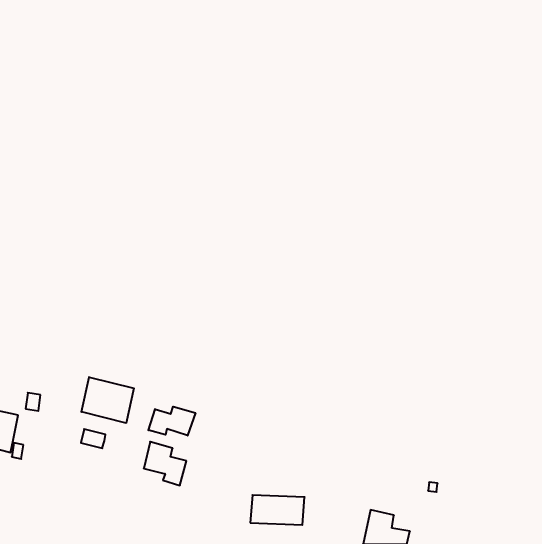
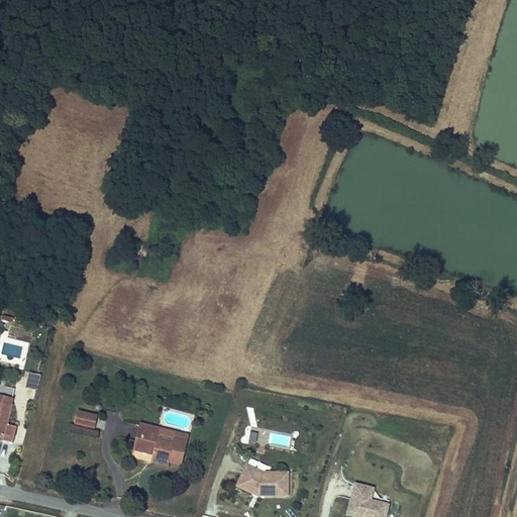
building: [81,377,134,423] -> none
building: [148,407,195,436] -> none

